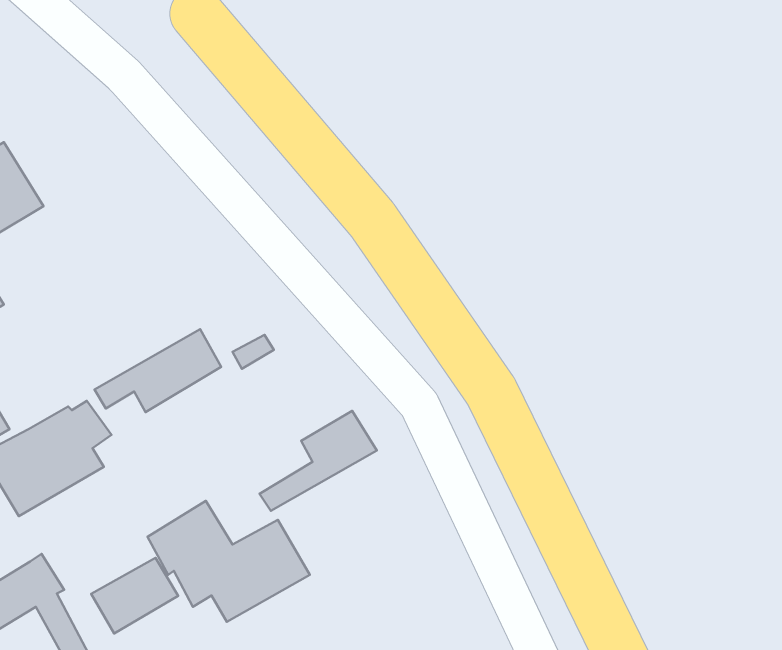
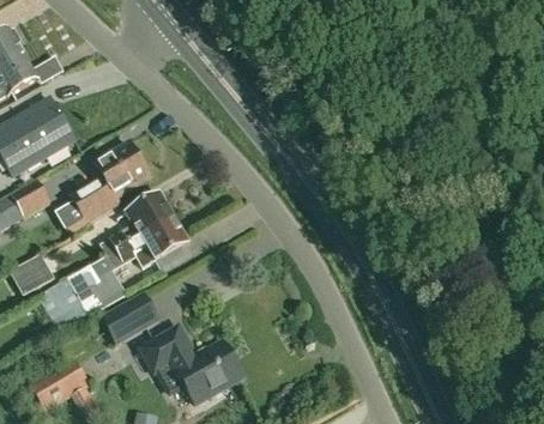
building: none -> [68,141,149,219]
building: [260,411,377,511] -> [99,192,174,255]
building: [91,558,178,634] -> [102,295,157,343]

